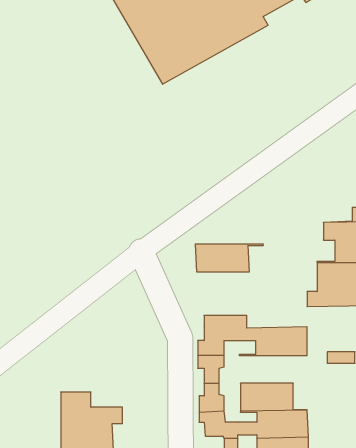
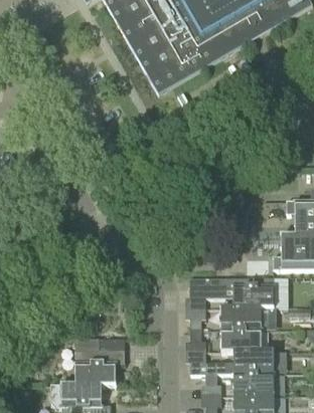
building: [195,244,263,272] -> [218,308,273,331]

